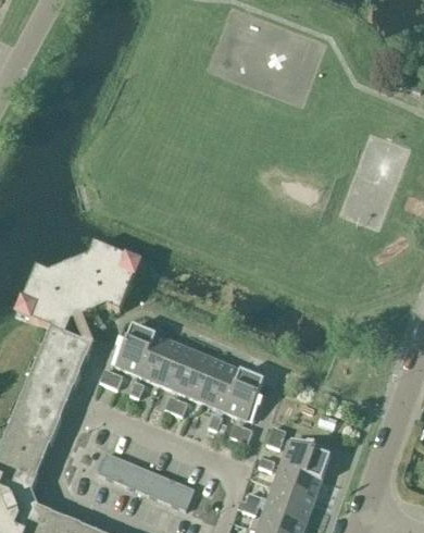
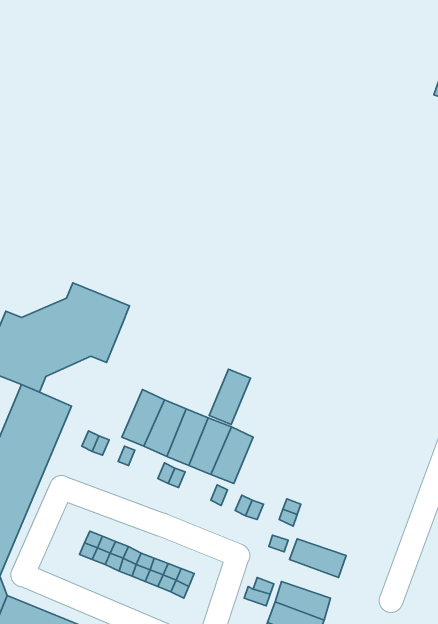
building: [115,324,151,372] -> none
building: [228,372,263,419] -> [209,369,251,425]
building: [282,439,329,472] -> none
building: [269,475,316,508] -> none

